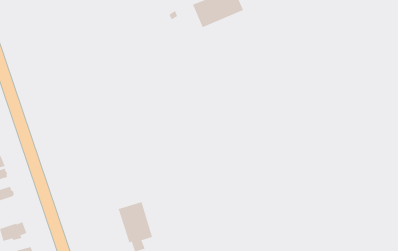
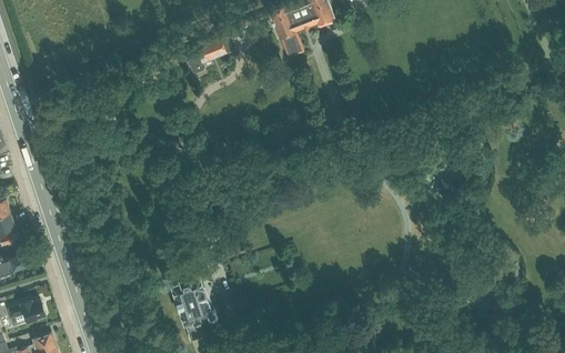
building: none -> [193,37,225,64]

